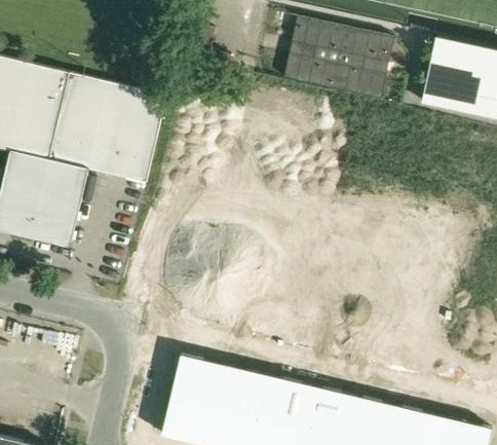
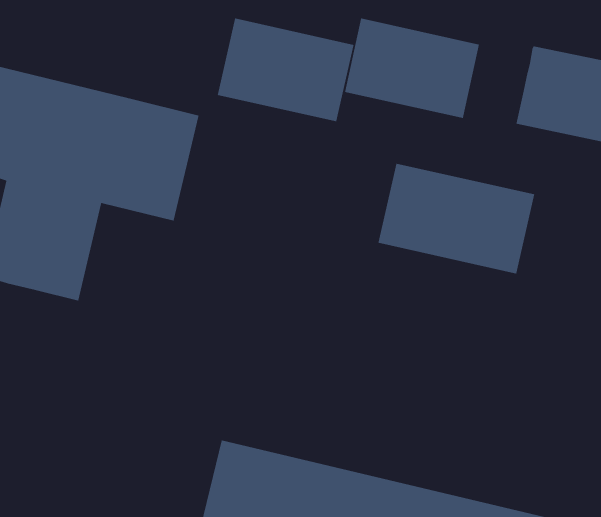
building: none -> [217,18,355,122]
building: none -> [378,163,535,274]

